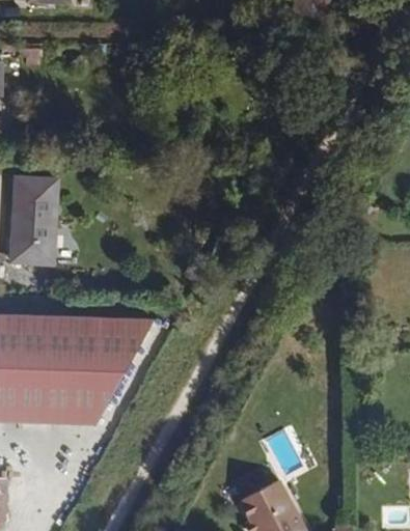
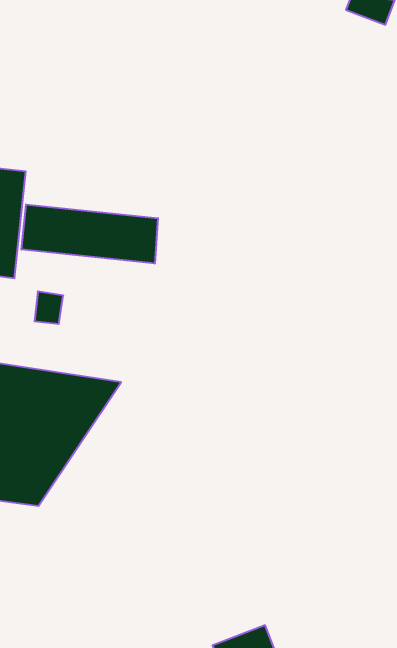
building: none -> [21,204,158,264]

